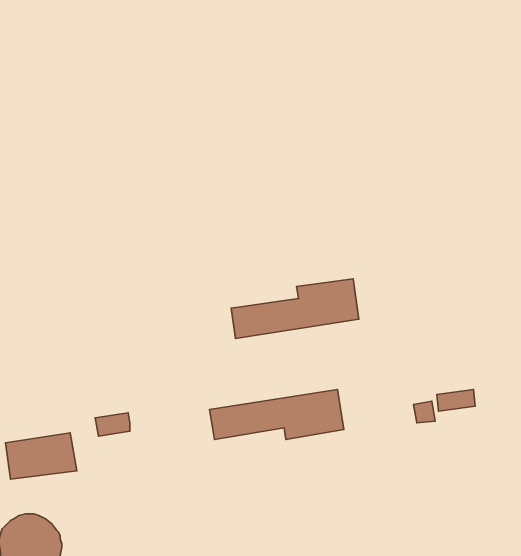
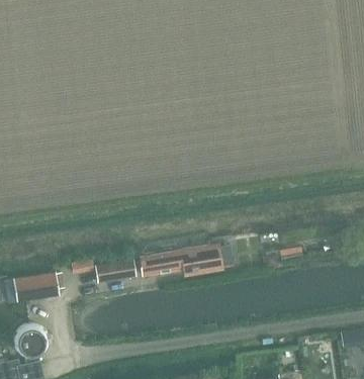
building: [231,279,359,338] -> none
building: none -> [97,259,135,281]

